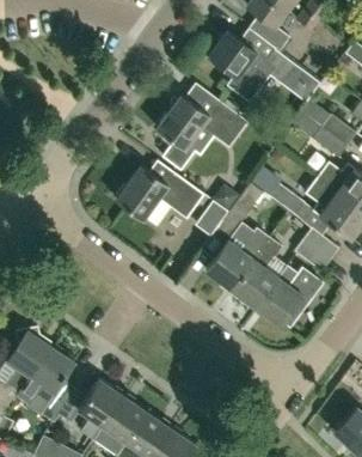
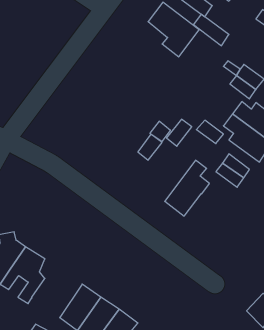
building: [155,96,249,171] -> none
building: [116,165,202,219] -> none
building: [205,221,269,288] -> none
building: [254,266,323,327] -> none
building: [59,379,123,438] -> none

